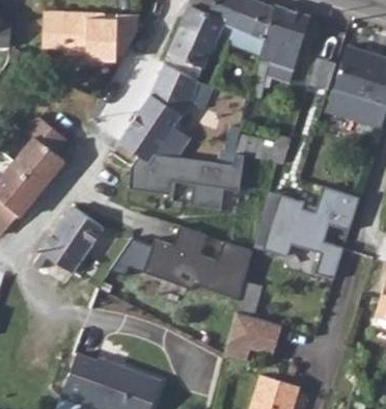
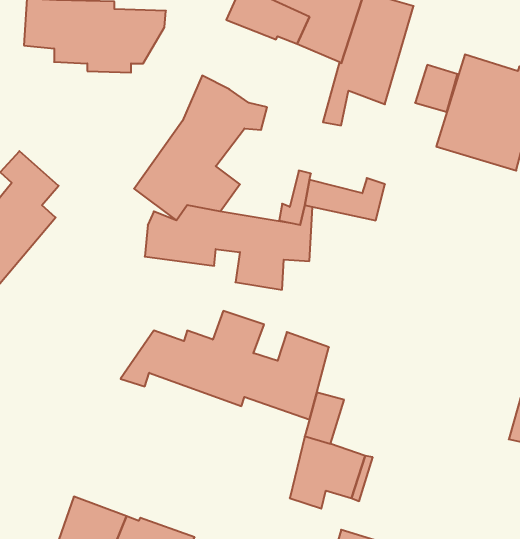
building: [165,25,230,86] -> none
building: [252,186,358,277] -> none
building: [34,206,104,284] -> none

